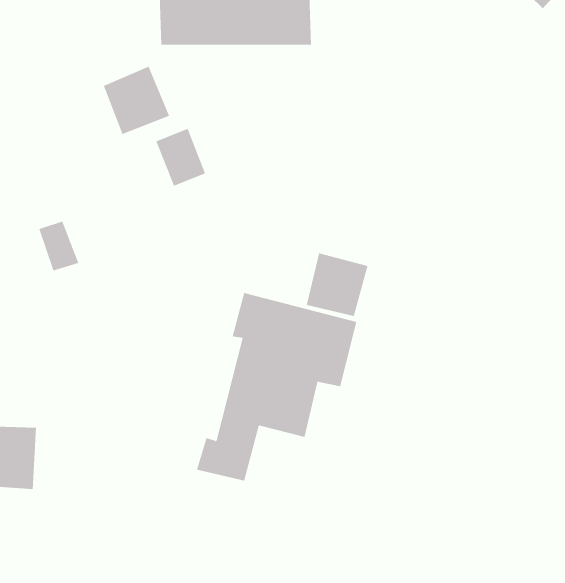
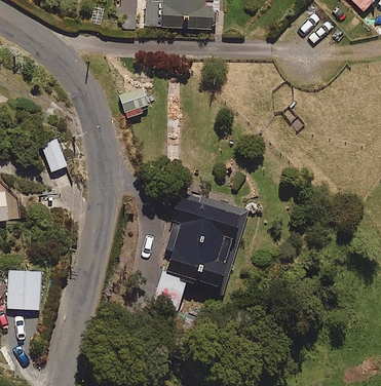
building: [103,66,170,135] -> none
building: [306,252,368,317] -> none

